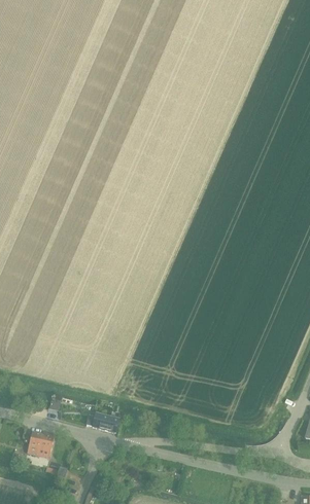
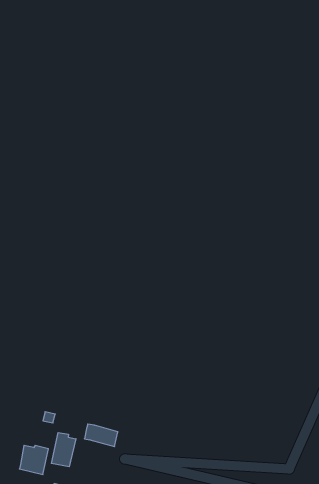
building: none -> [51,433,76,467]

